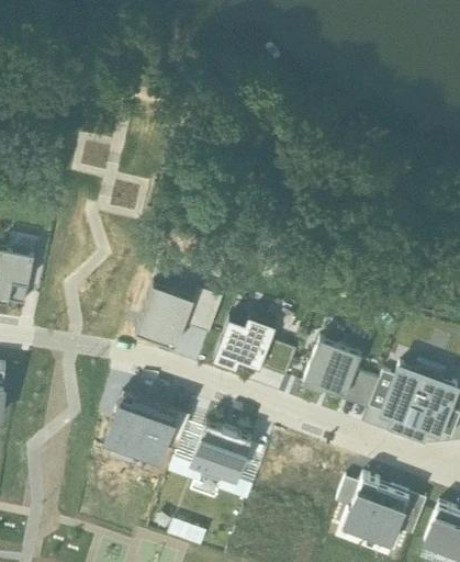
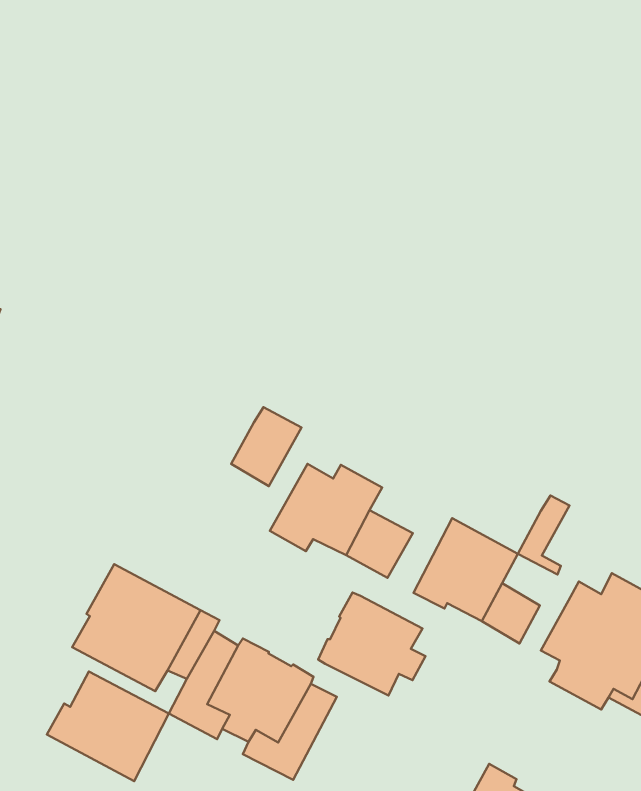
building: [134,283,193,349] -> none
building: [368,372,394,418] -> [518,495,569,575]
building: none -> [318,593,426,695]
building: none -> [47,672,169,781]

